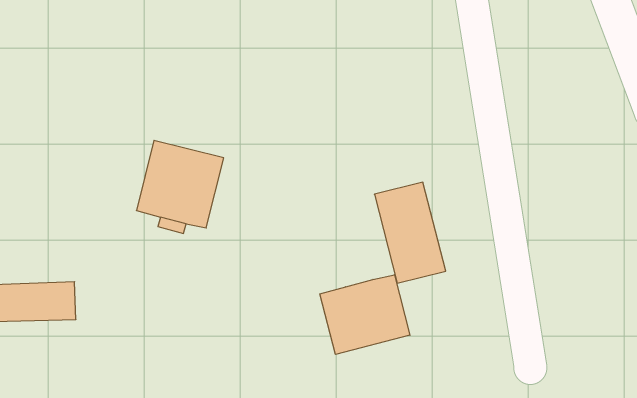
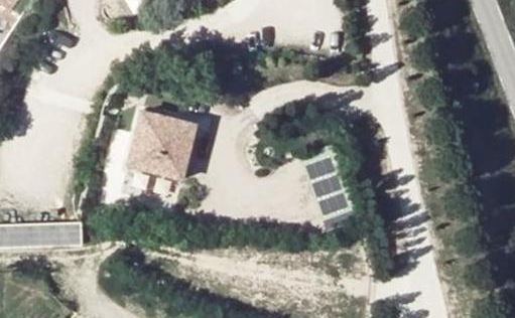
building: [320,275,410,354] -> none

